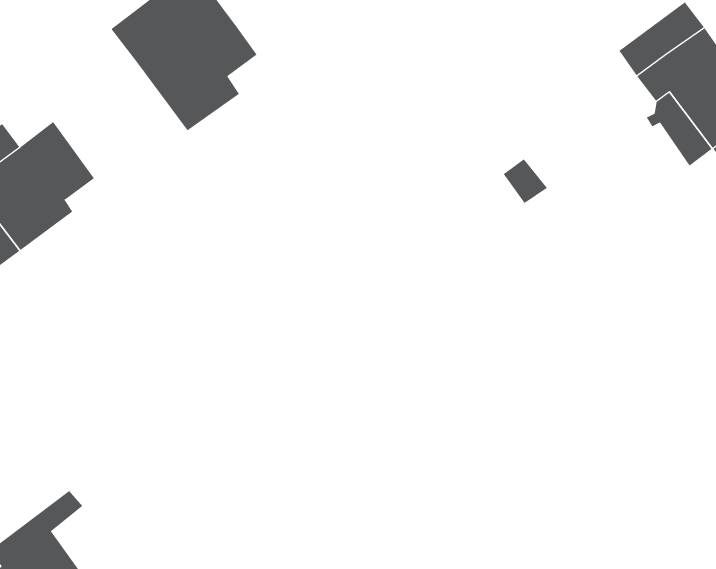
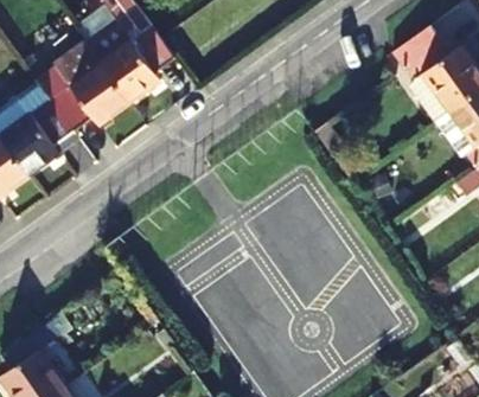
building: none -> [49,37,129,128]

